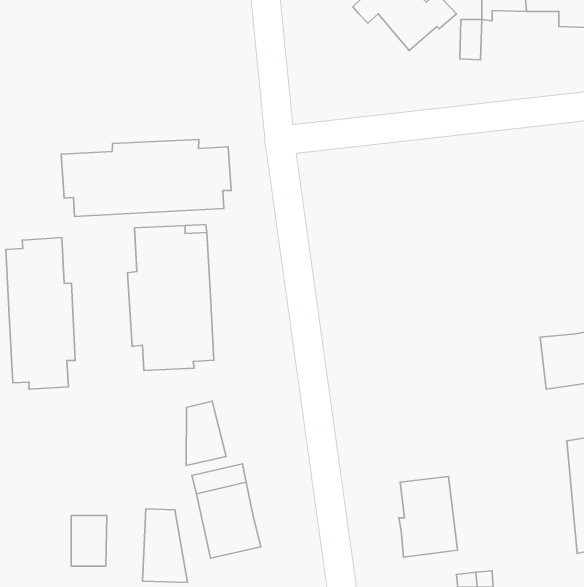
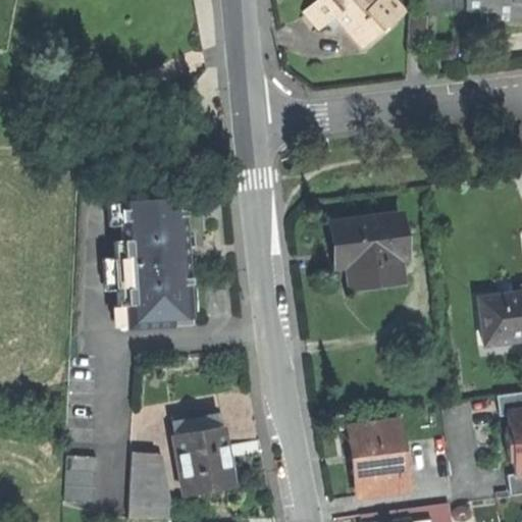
building: [61,139,231,216] -> none
building: [6,238,75,389] -> none
building: none -> [334,214,409,288]
building: [186,401,226,466] -> none

